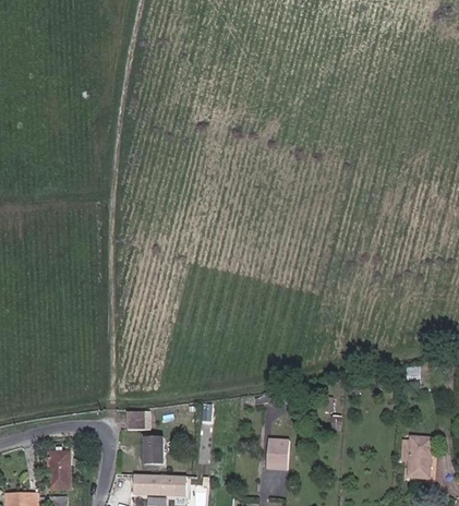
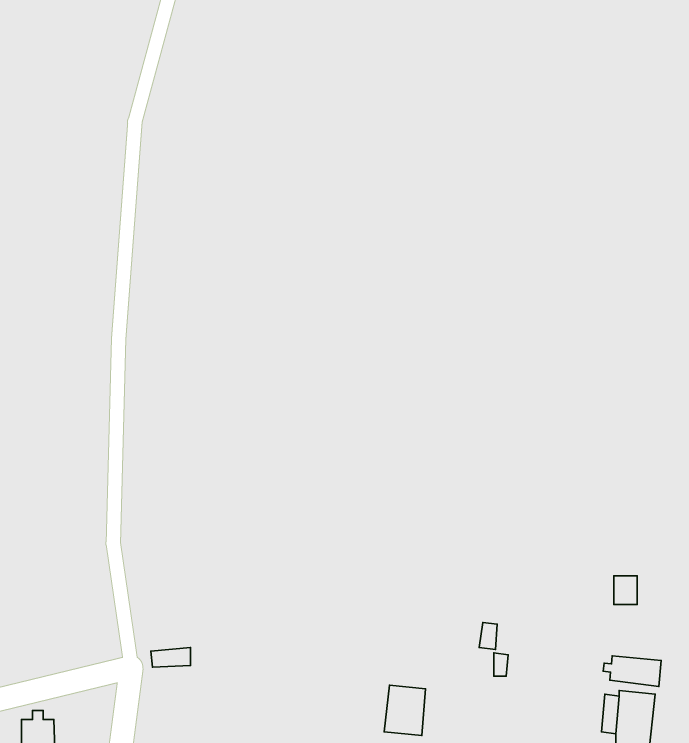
building: none -> [603,656,661,686]
building: [146,437,166,463] -> none

